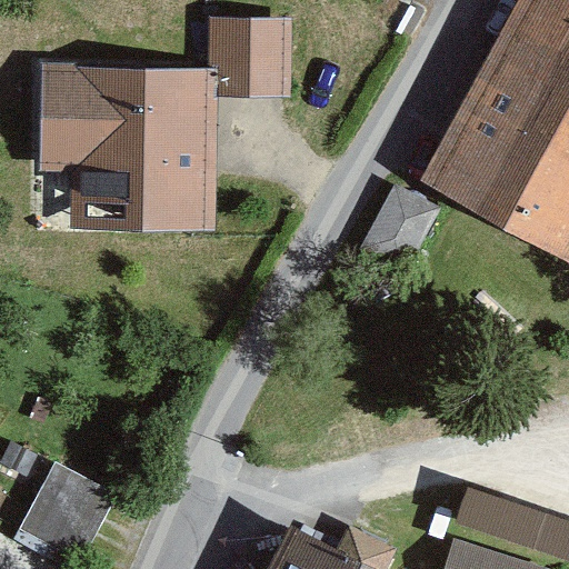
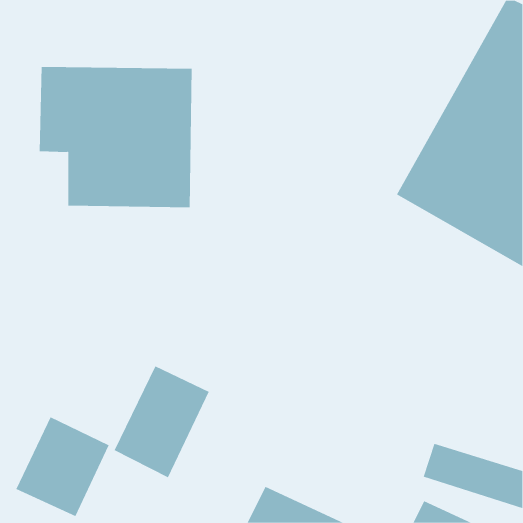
building: [217,21,289,91] -> none
building: none -> [114,366,210,478]

